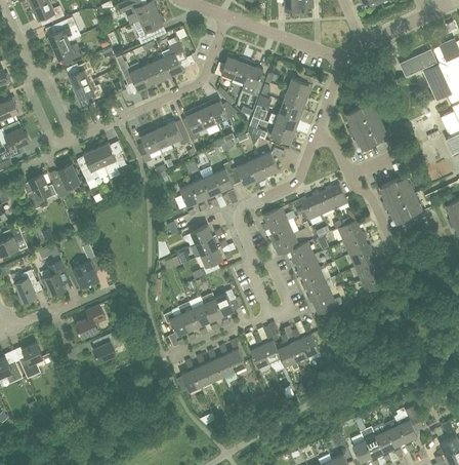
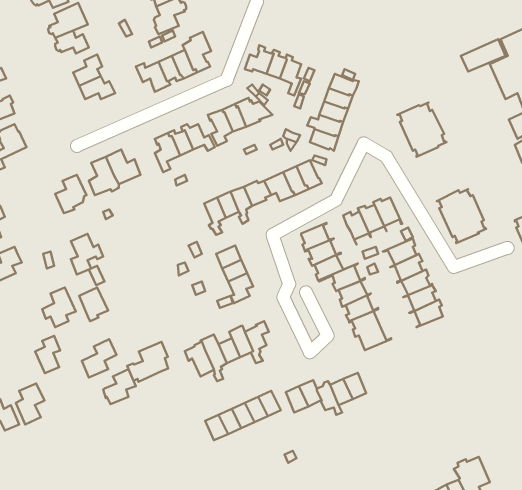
building: [28,175,55,209] -> [71,234,103,275]
building: [14,270,36,302] -> [35,336,60,373]
building: none -> [127,342,168,382]

